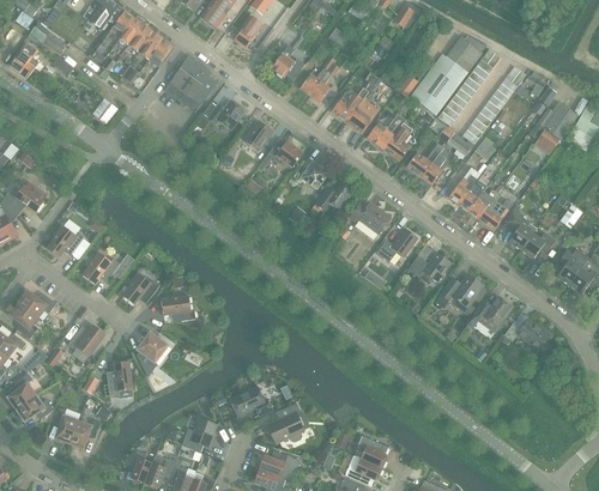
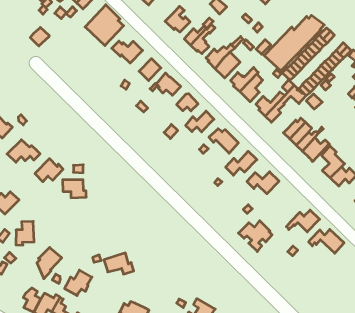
building: [440,273,485,315] -> [238,221,272,252]
building: [134,332,167,375] -> [37,247,62,279]
building: [266,401,303,442] -> none

